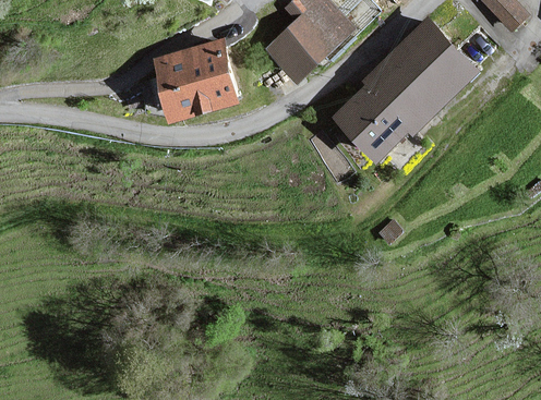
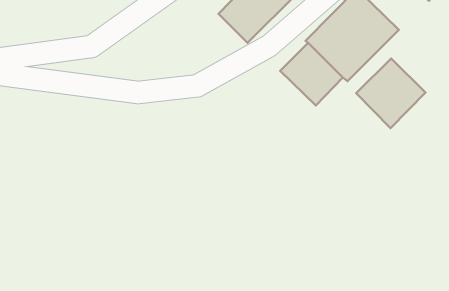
building: [158,40,239,111] -> none
building: none -> [356,59,425,128]

